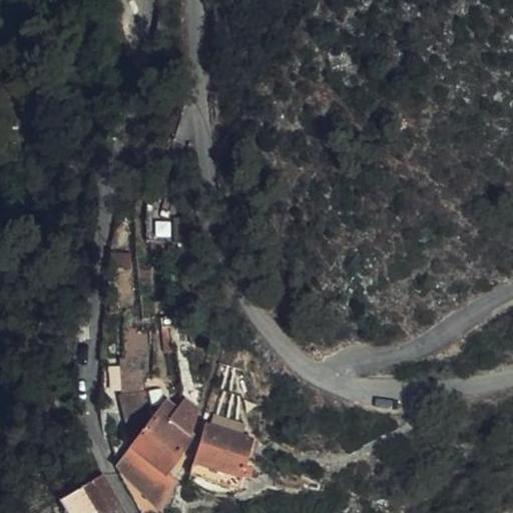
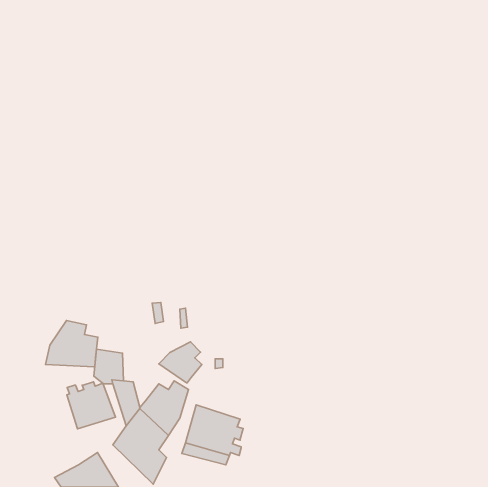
building: none -> [46,321,98,367]
building: none -> [159,342,202,383]
building: none -> [67,382,116,429]

